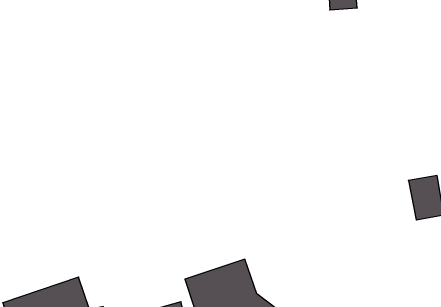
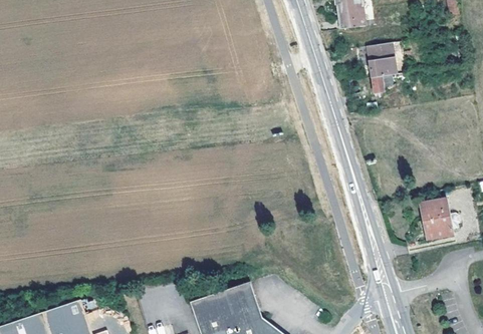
building: none -> [357,40,403,96]

